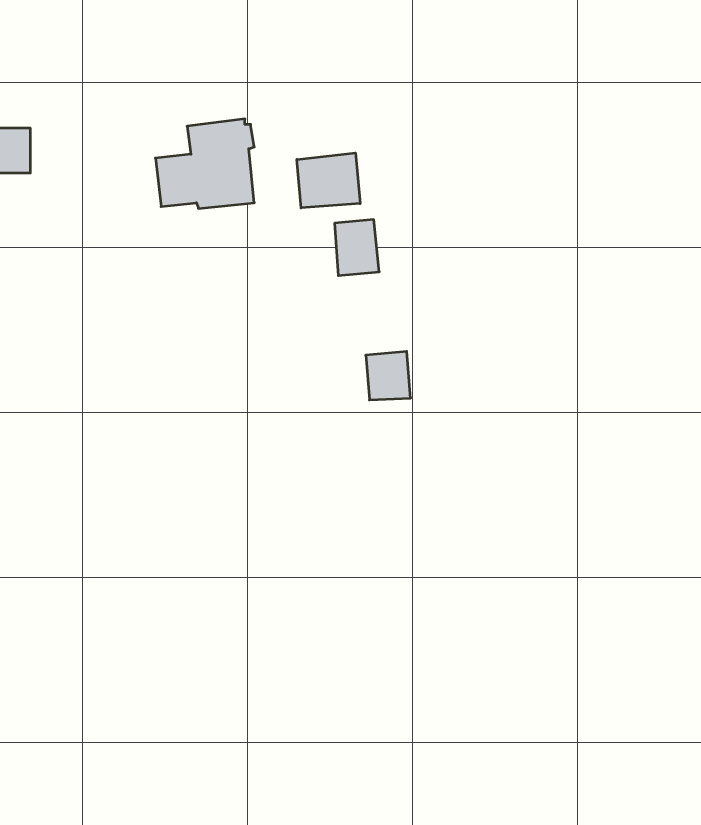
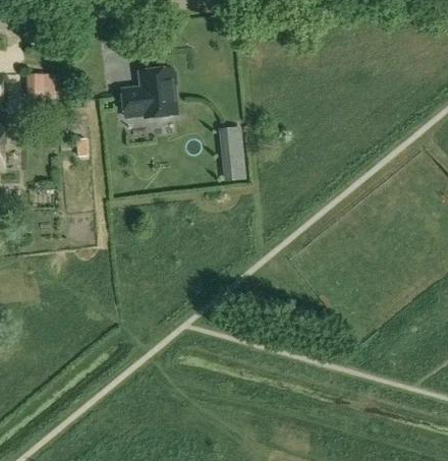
building: [297,153,360,208] -> none
building: [366,351,411,400] -> [221,154,245,180]

